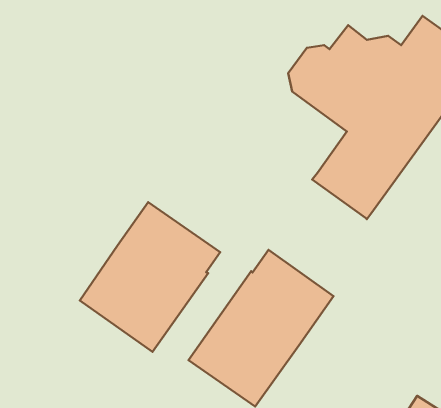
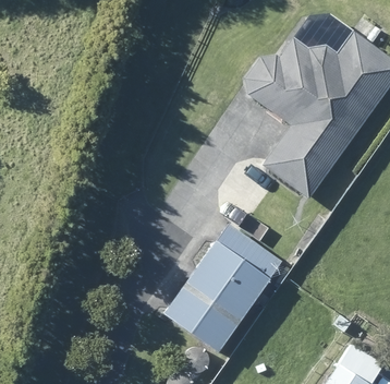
building: [80,202,220,352] -> none

